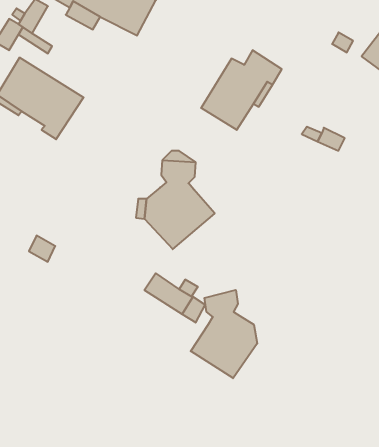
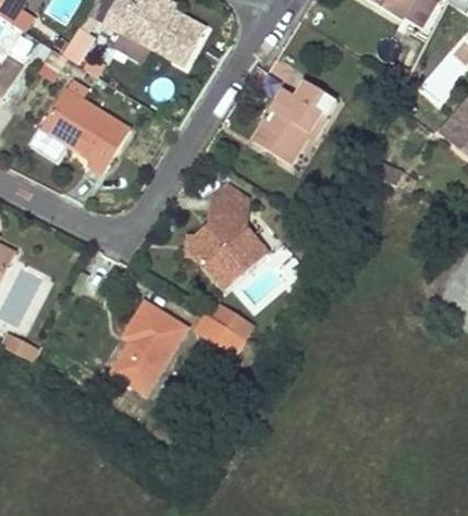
building: none -> [111,302,187,393]
building: [191,290,257,378] -> none

